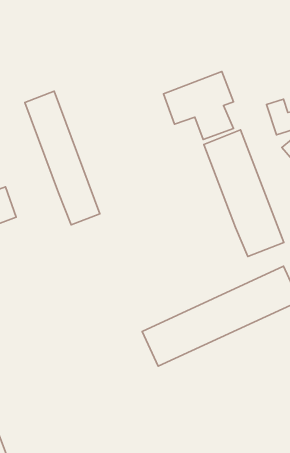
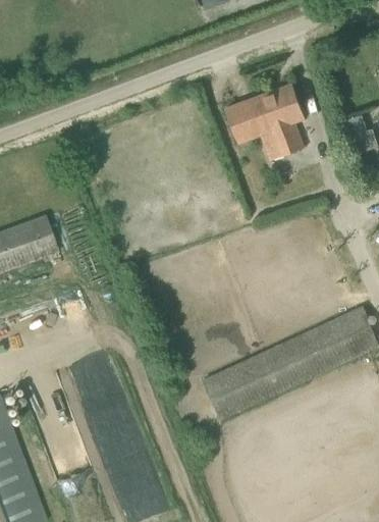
building: [25,91,100,225] -> none
building: [204,130,284,257] -> none

